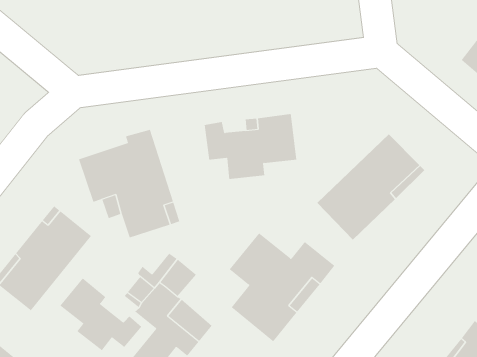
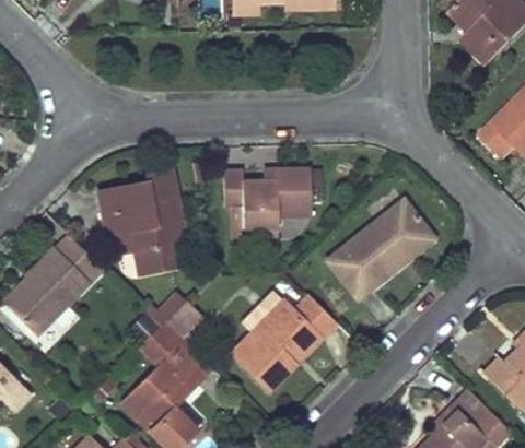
building: [60,278,142,351] -> none

